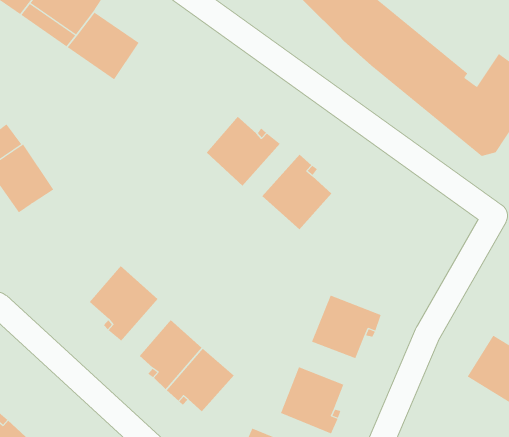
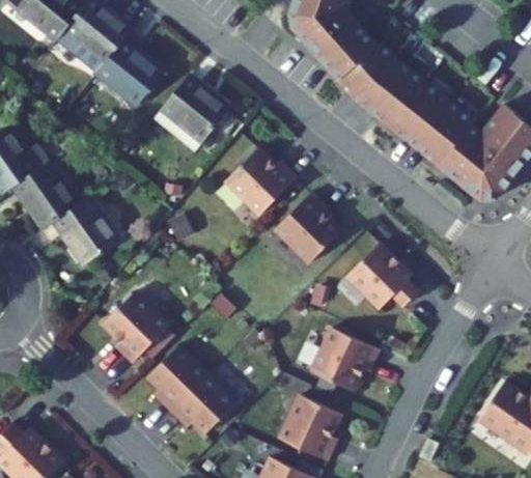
building: none -> [160,80,228,146]
building: none -> [53,204,117,272]
building: none -> [345,244,417,309]

